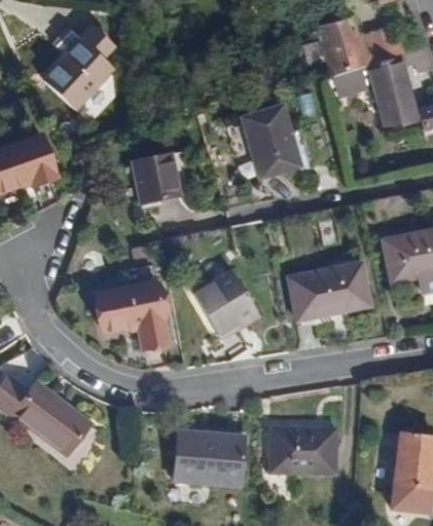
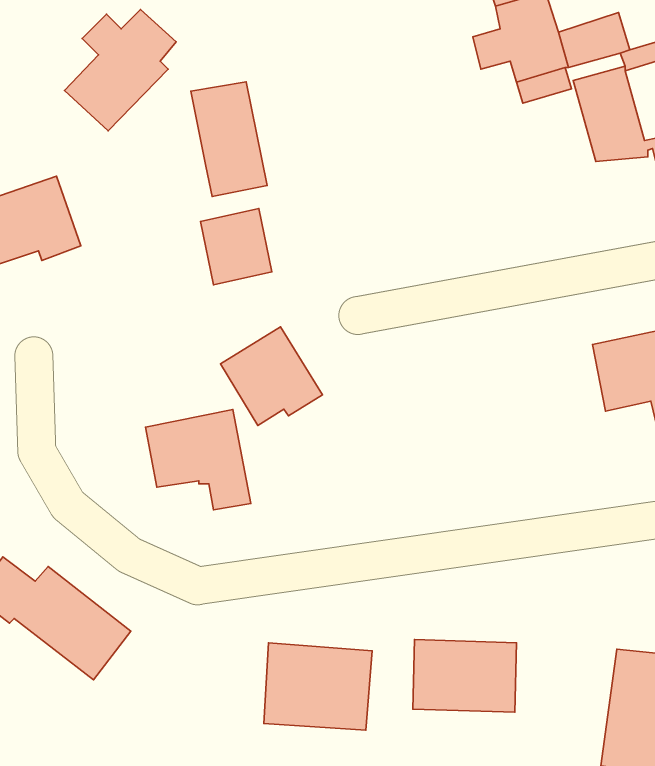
building: none -> [191,82,267,196]
building: [243,106,301,177] -> none
building: [288,263,368,320] -> none
building: [193,271,258,334] -> [220,327,323,425]

